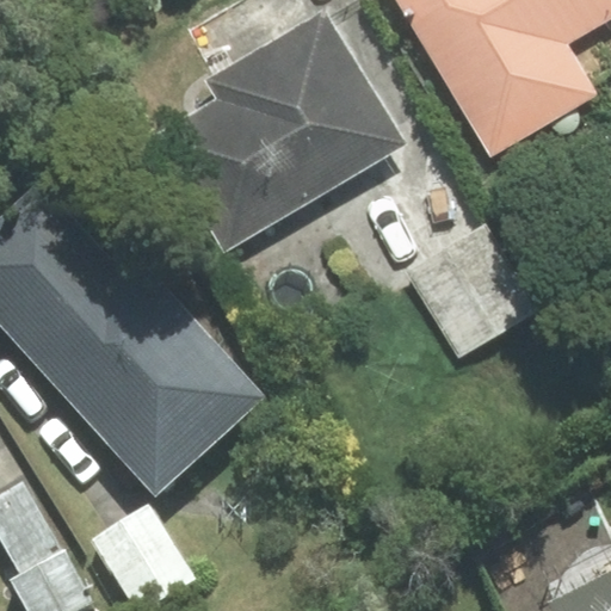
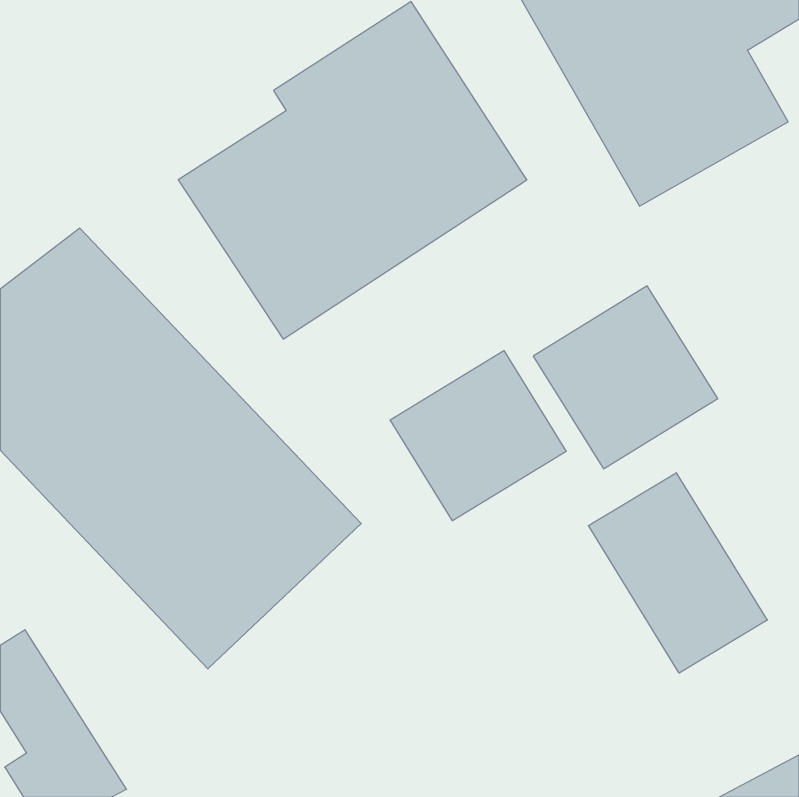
building: none -> [390,351,566,521]
building: none -> [588,473,767,673]

